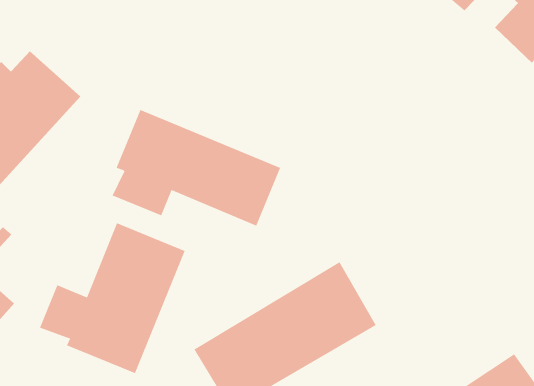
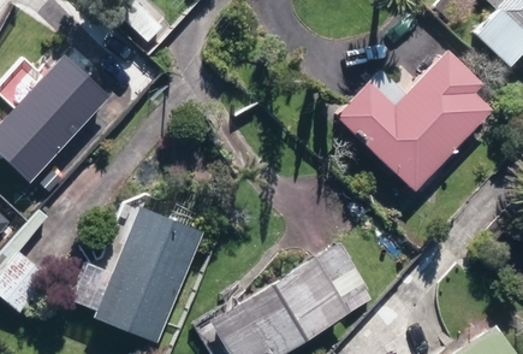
building: none -> [335,51,492,191]
building: [112,109,281,226] -> none

